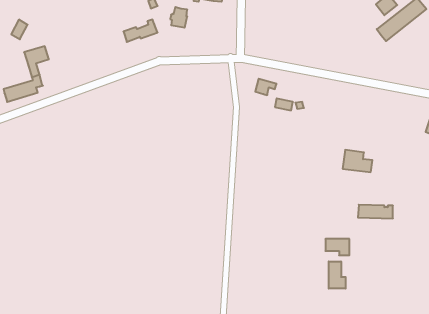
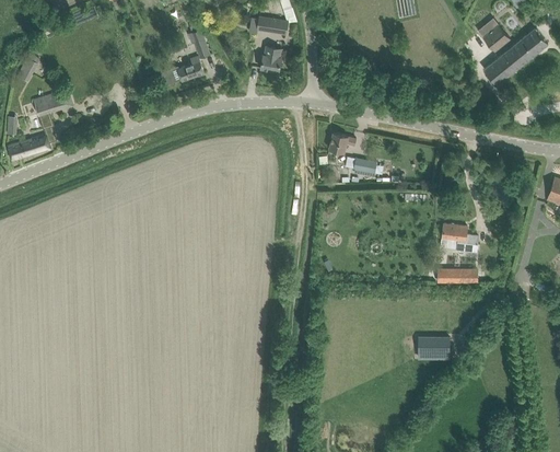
building: [170,7,187,28] -> [259,46,281,72]
building: [358,205,393,218] -> [435,266,480,283]
building: [329,261,346,289] -> none

